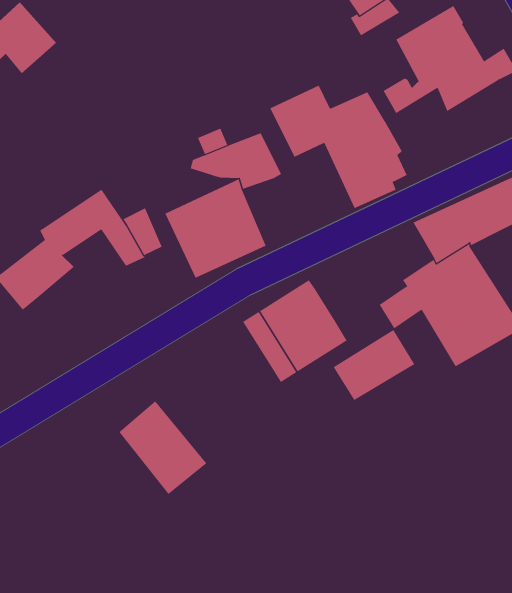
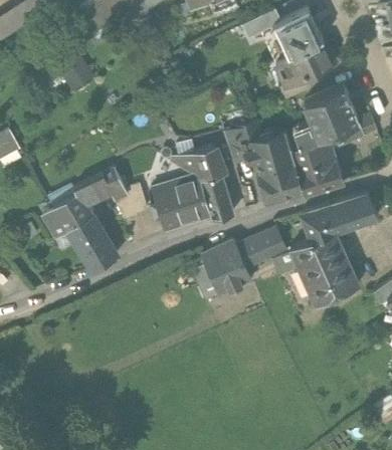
building: none -> [292,135,344,199]
building: none -> [200,176,233,222]
building: [333,329,415,401] -> [236,228,286,268]
building: [118,401,207,495] -> [66,213,118,271]

